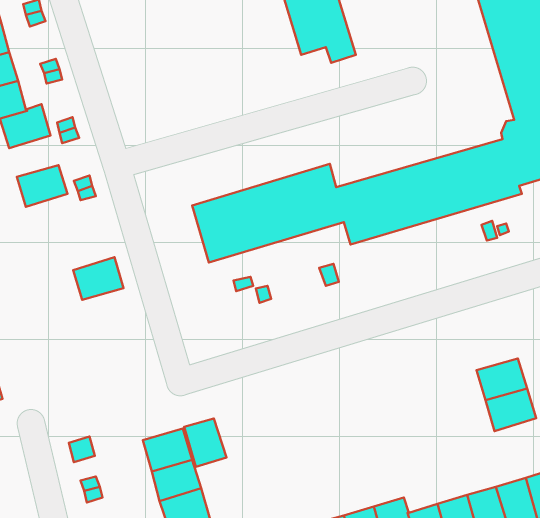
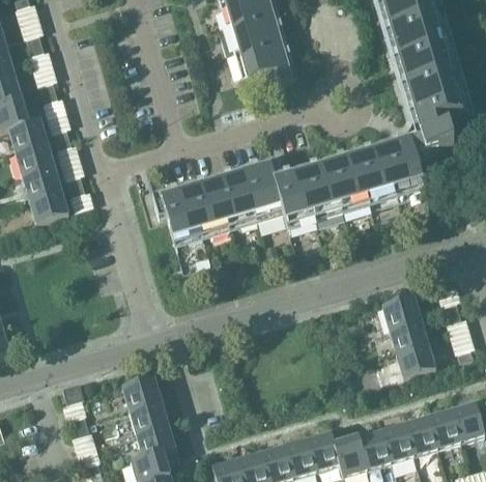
building: none -> [15,141,54,174]
building: [73,257,124,300] -> [28,188,68,222]
building: none -> [381,294,421,329]
building: [184,418,226,467] -> none

